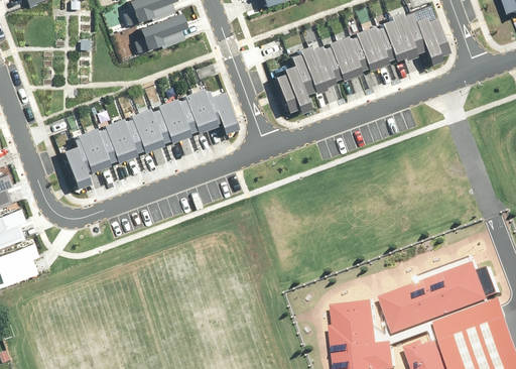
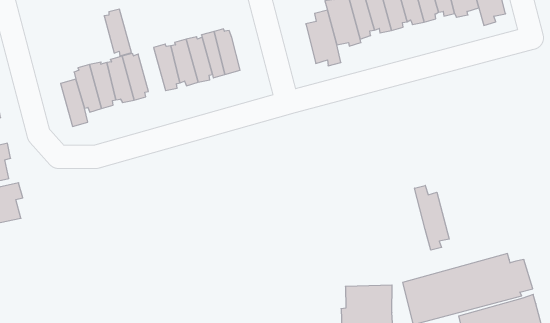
building: [210,92,237,134] -> none
building: [128,111,155,152] -> [104,9,131,56]
building: none -> [415,185,449,250]

